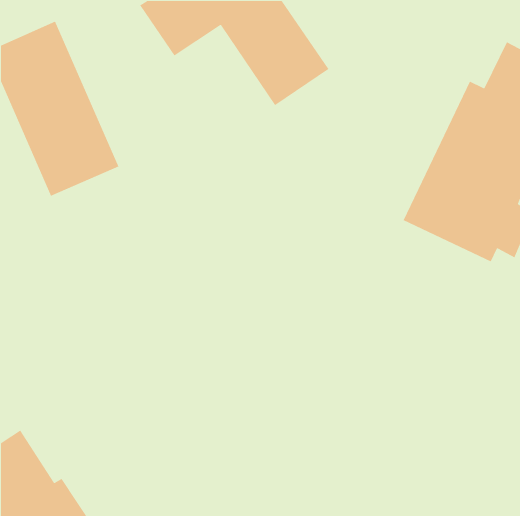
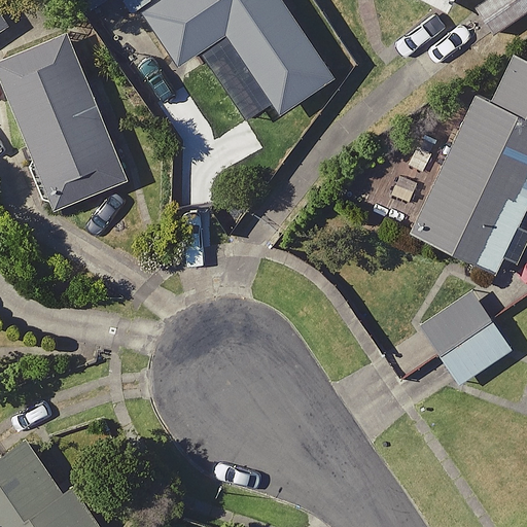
building: none -> [420,292,513,388]

